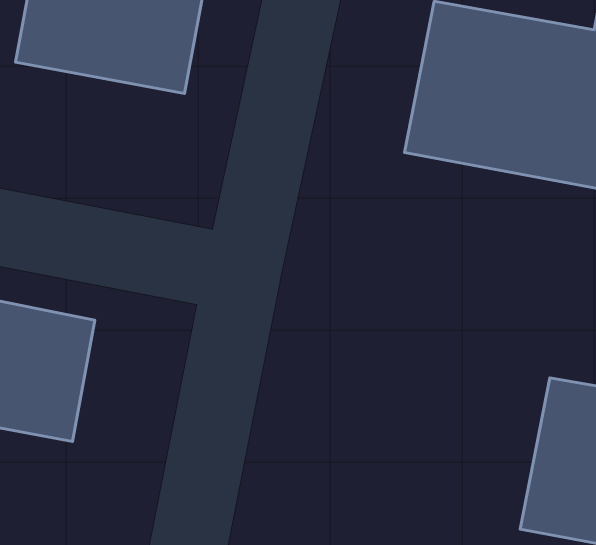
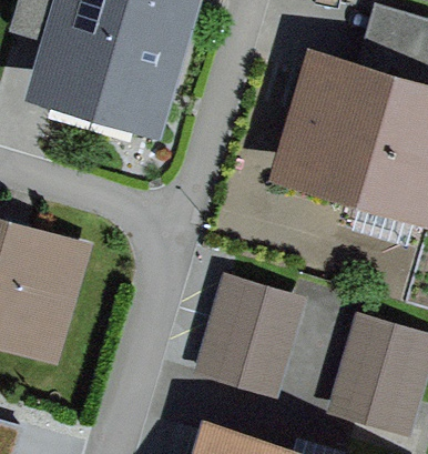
building: none -> [204,279,296,393]

